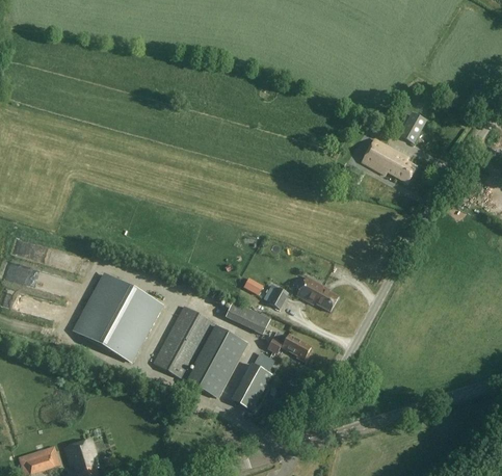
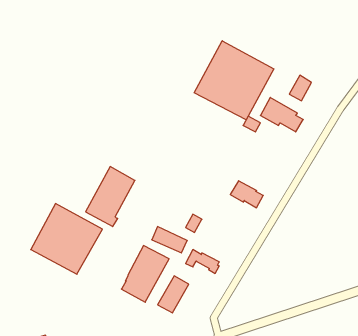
building: none -> [194,41,274,120]
building: [297,276,339,311] -> [230,181,263,208]
building: [153,305,215,380] -> [86,167,135,227]

